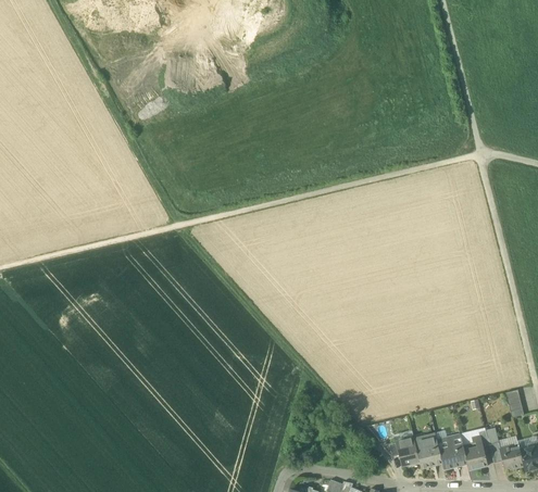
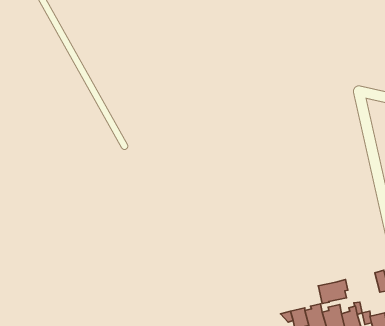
building: none -> [318,280,348,304]

